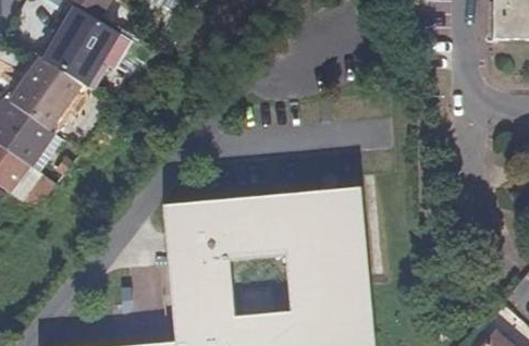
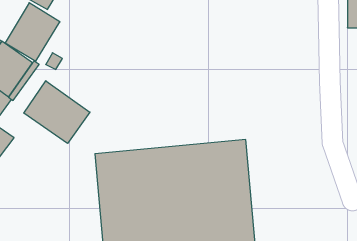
building: none -> [24,81,90,143]

